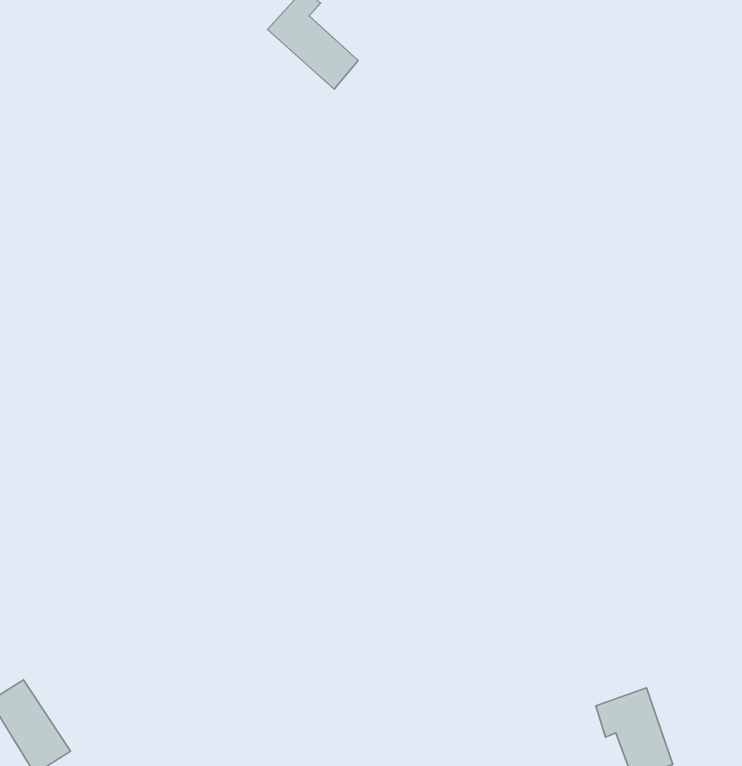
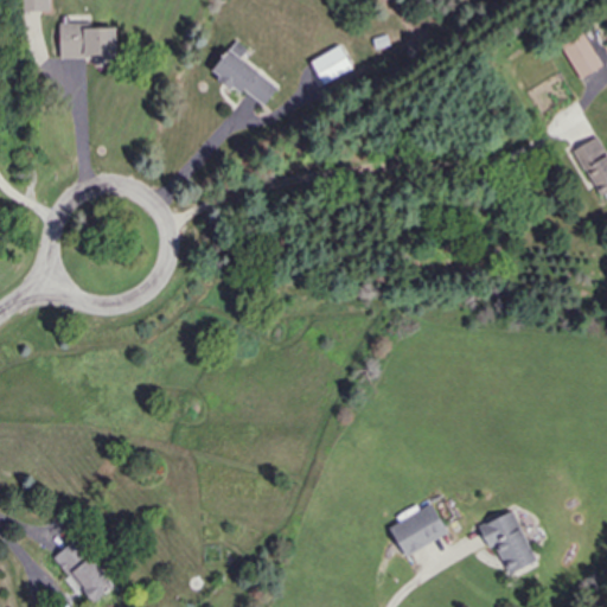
building: none -> [311,45,352,83]
building: none -> [389,503,448,556]

